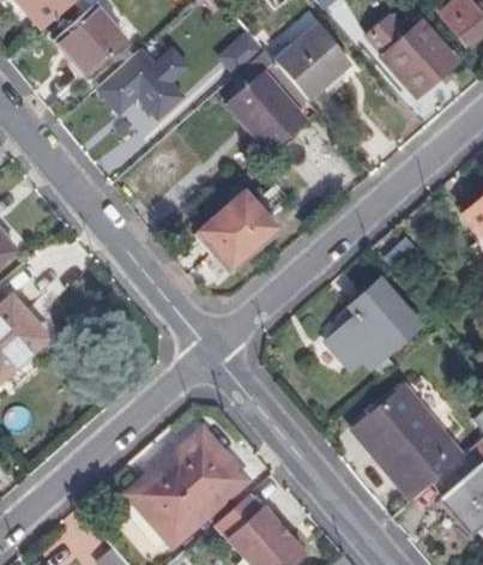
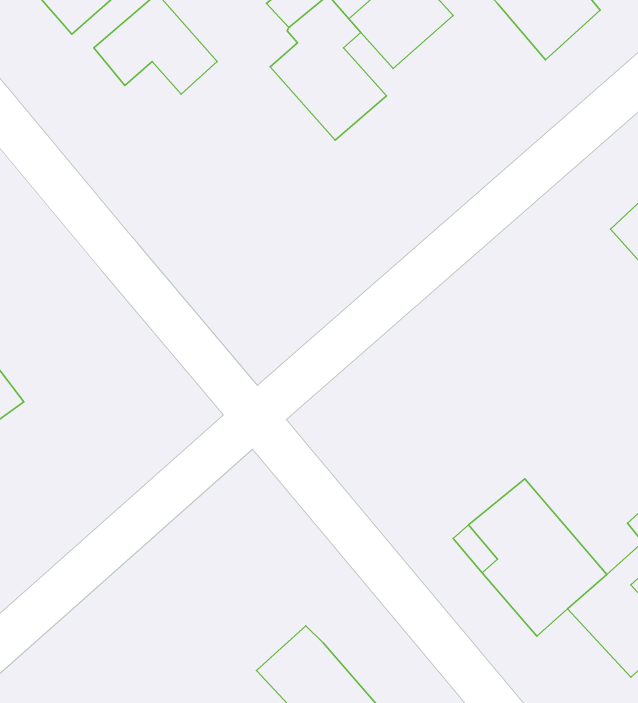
building: [200,180,292,265] -> none
building: [322,282,418,372] -> none
building: [132,433,241,539] -> none

